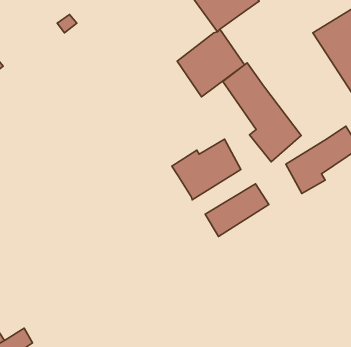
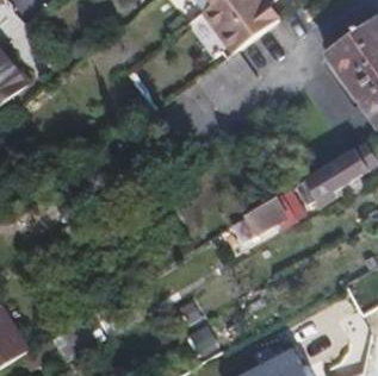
building: [223,63,301,162] -> none
building: [172,139,241,200] -> none

